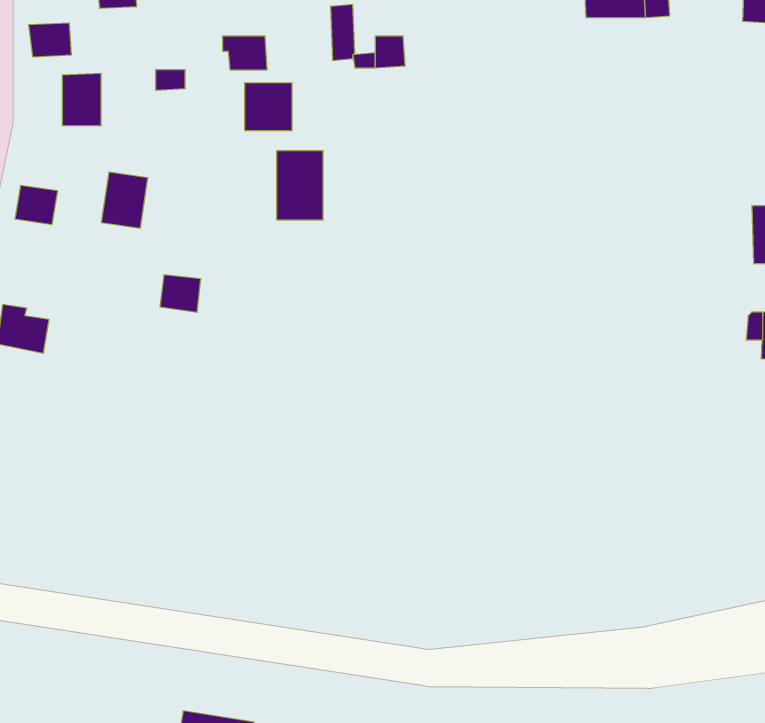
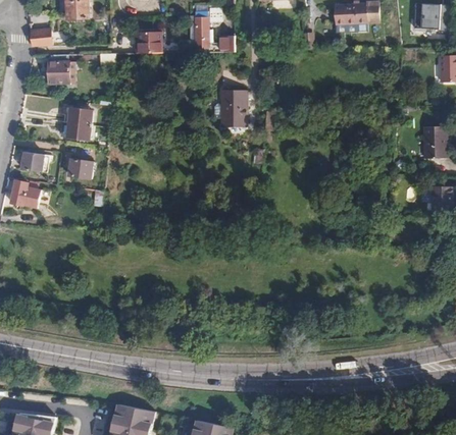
building: [245,83,292,131] -> none
building: [277,151,323,220] -> [220,89,246,126]
building: [15,185,58,224] -> [21,151,45,172]
building: [160,275,201,312] -> [69,158,92,178]

